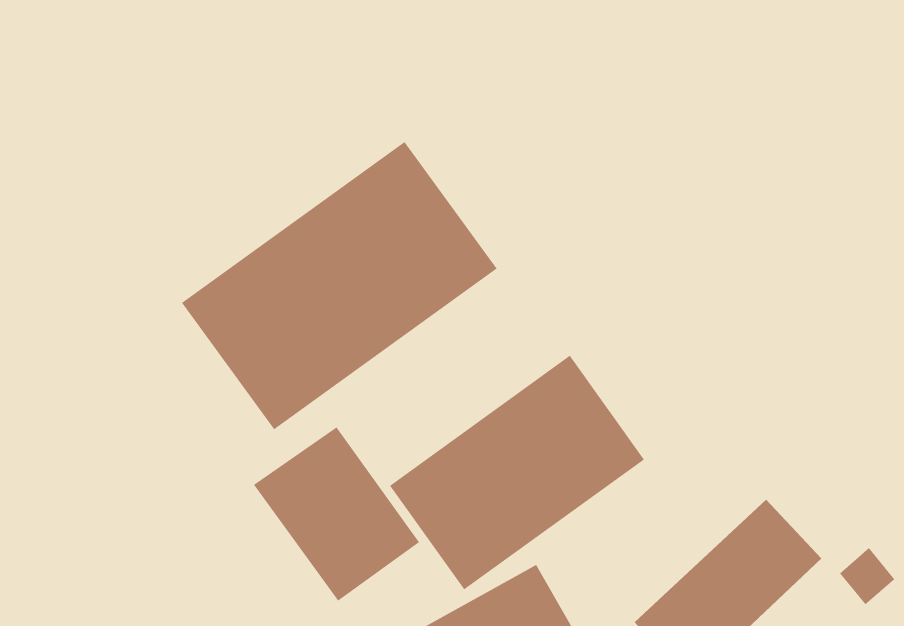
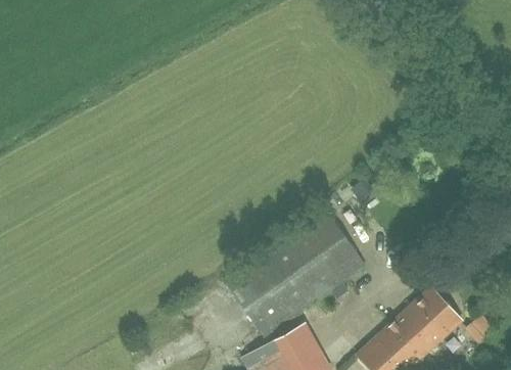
building: [181,141,498,430] -> none
building: [253,427,420,601] -> none

